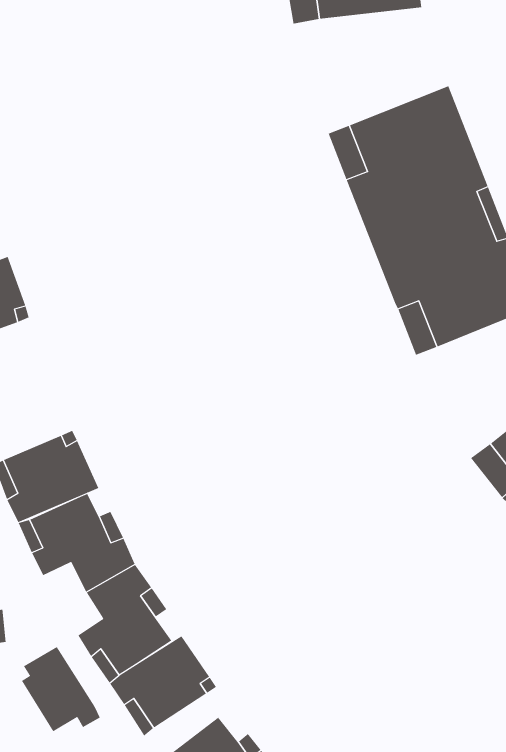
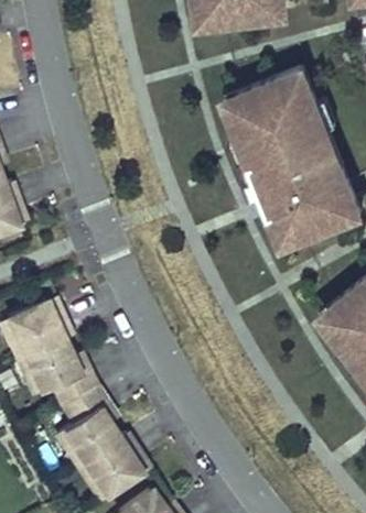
building: [21,646,101,732] -> none

